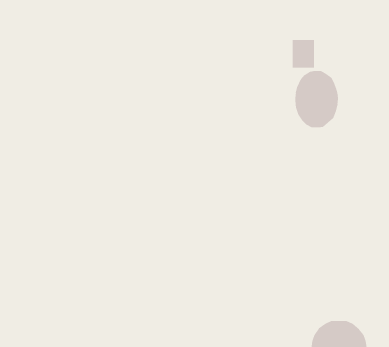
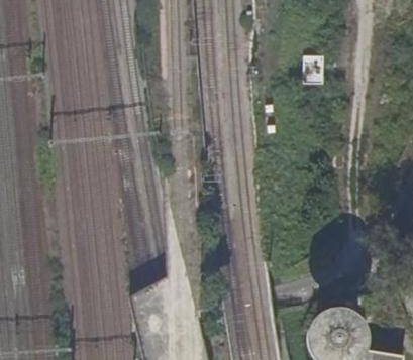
building: [295,70,338,128] -> none

